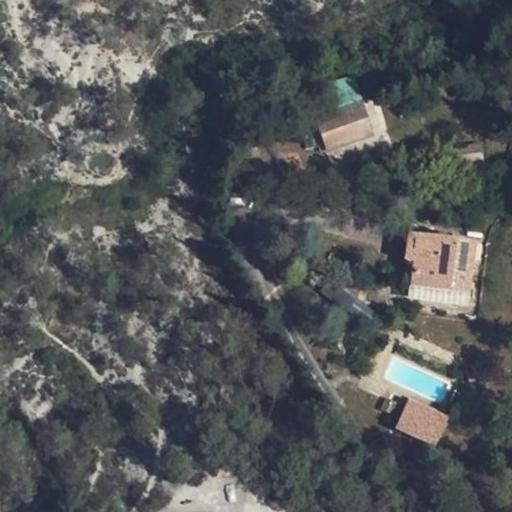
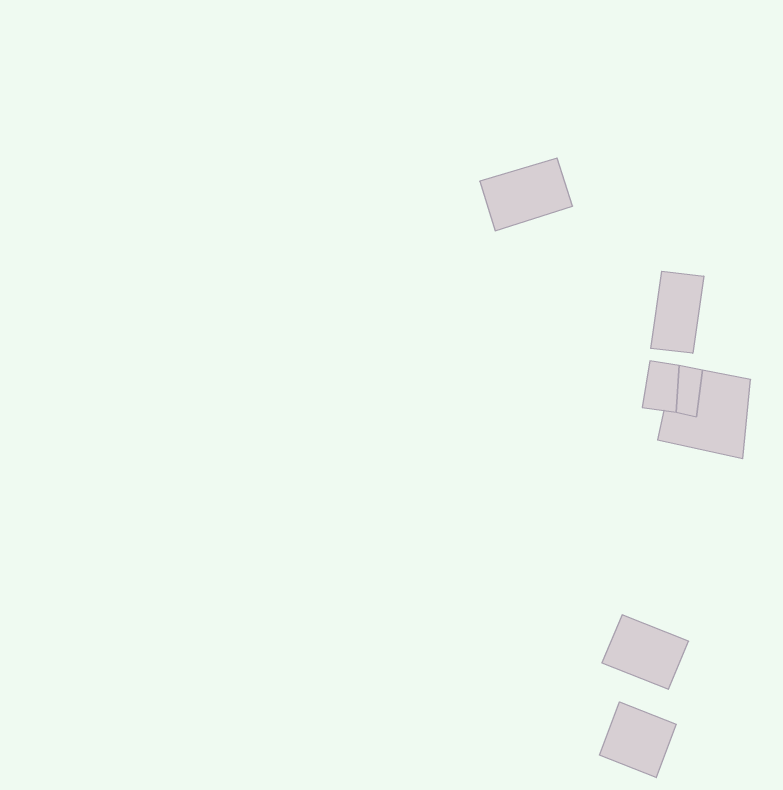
building: none -> [651,271,704,353]
building: none -> [599,702,676,778]

